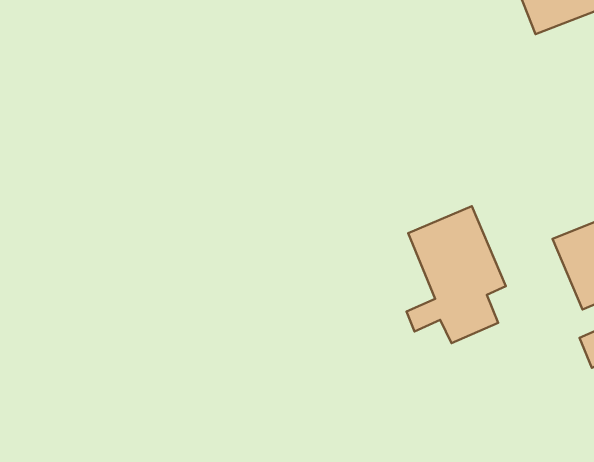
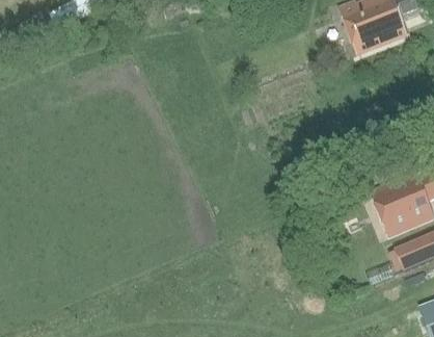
building: [406,206,506,343] -> none

